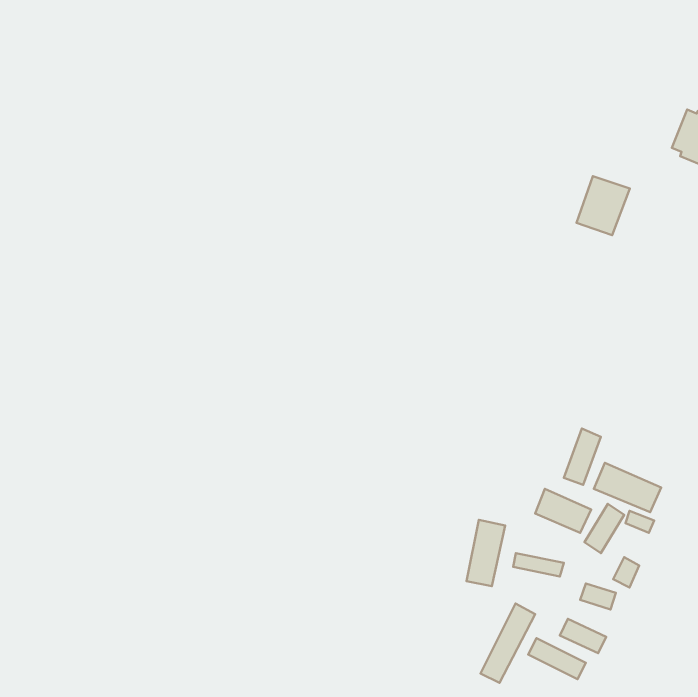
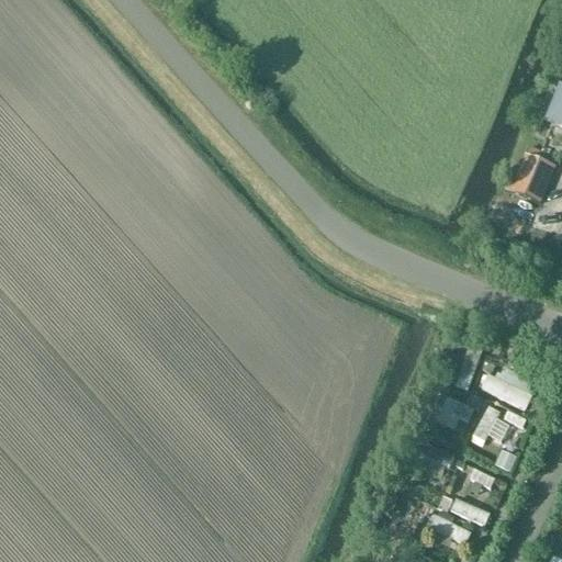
building: [576,176,630,235] -> [514,158,557,205]
building: [466,520,505,586] -> none
building: [481,604,535,683] -> none

